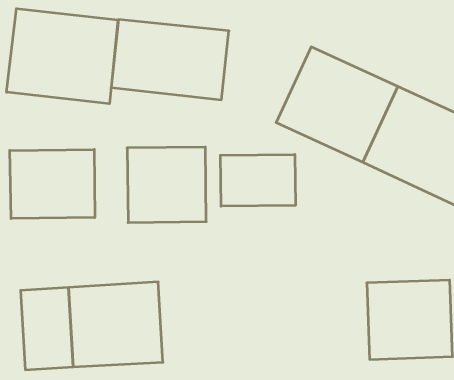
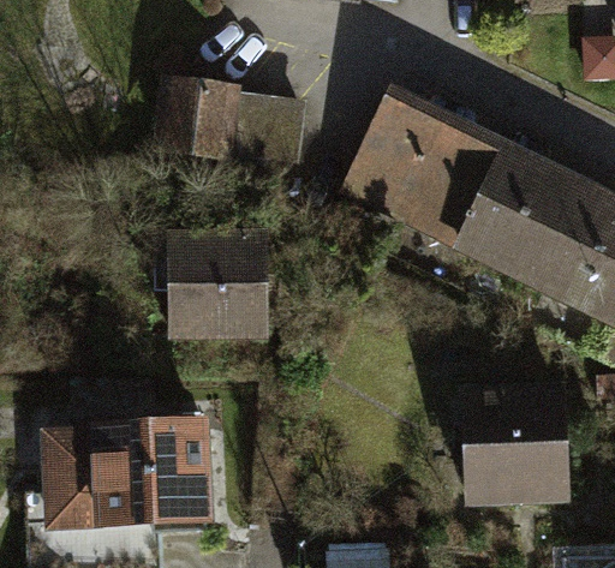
building: [7,9,118,104] -> none
building: [10,149,95,219] -> none
building: [220,154,295,206] -> none

